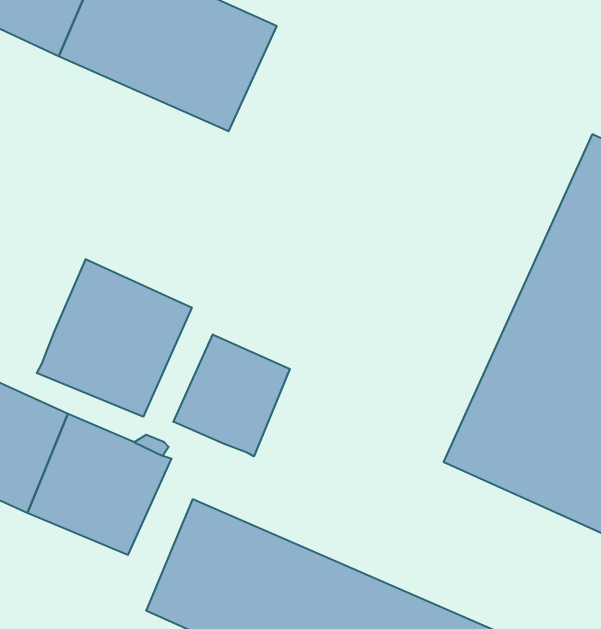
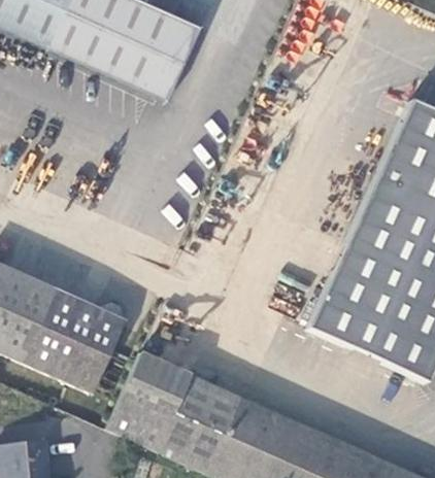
building: [37,259,192,417] -> none
building: [173,334,290,456] -> none

